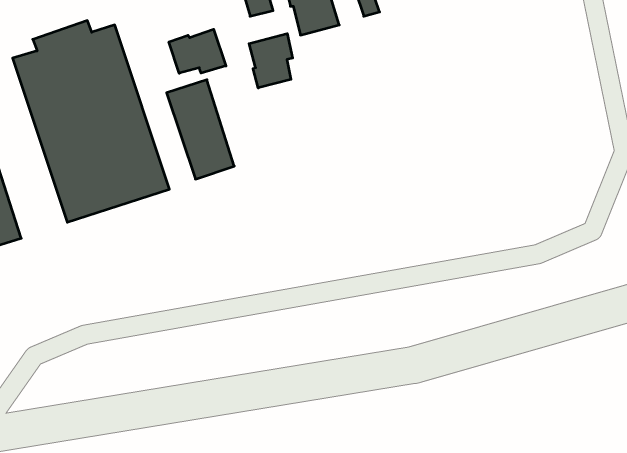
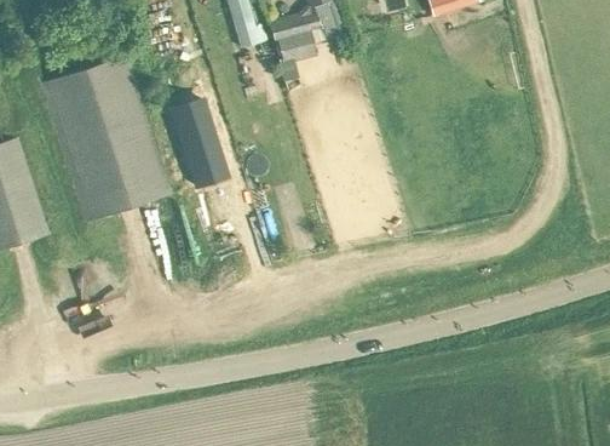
building: [169,29,226,73] -> none
building: [249,34,293,88] -> none

